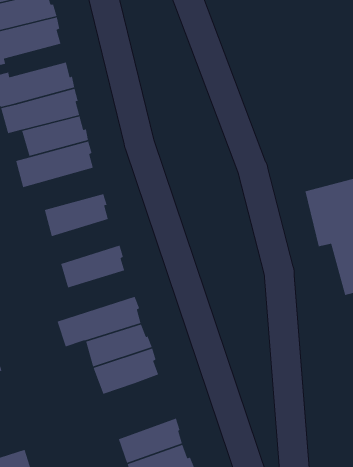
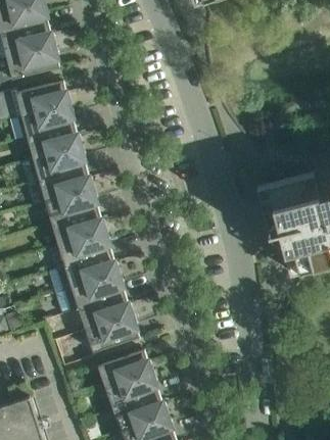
building: none -> [28,168,94,206]
building: none -> [51,210,107,246]
building: none -> [49,252,120,293]
building: none -> [98,351,153,389]

